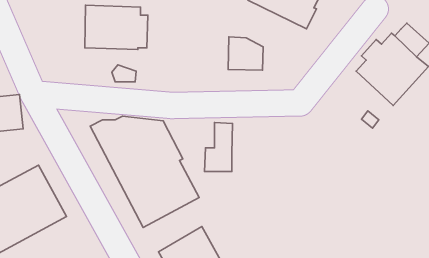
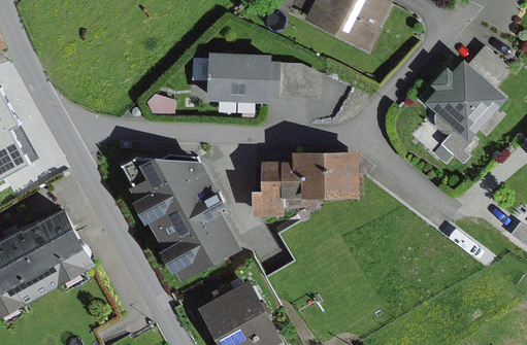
building: [85,5,148,49] -> [206,51,278,102]
building: none -> [282,149,358,197]

